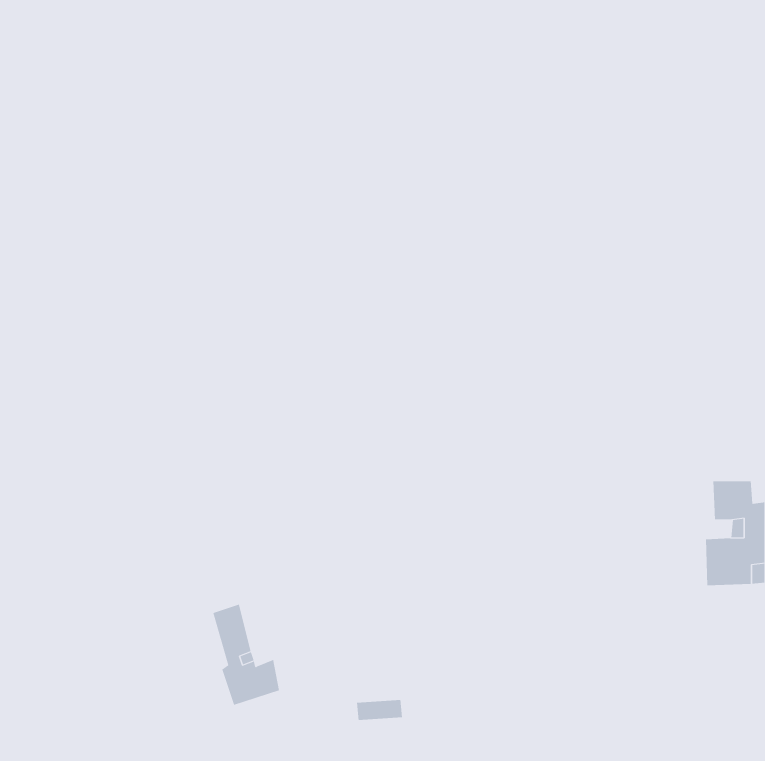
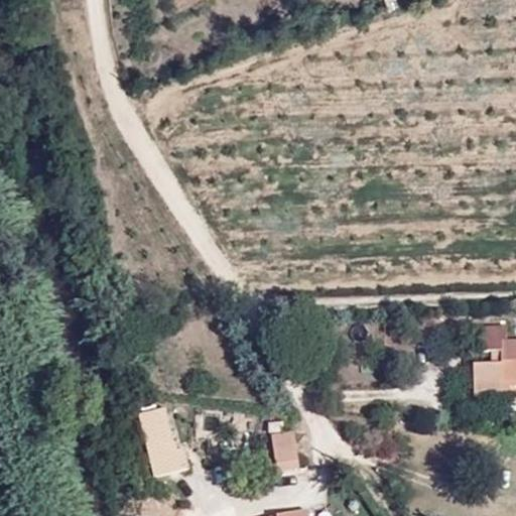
building: none -> [273,431,300,472]

